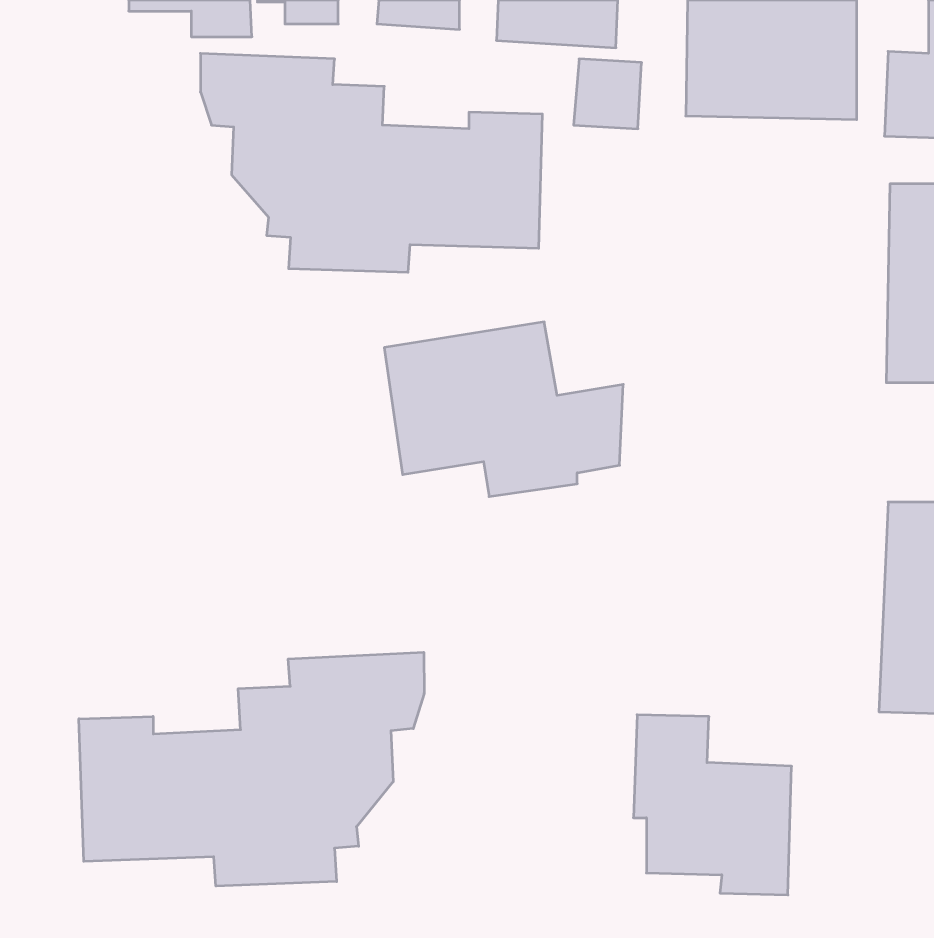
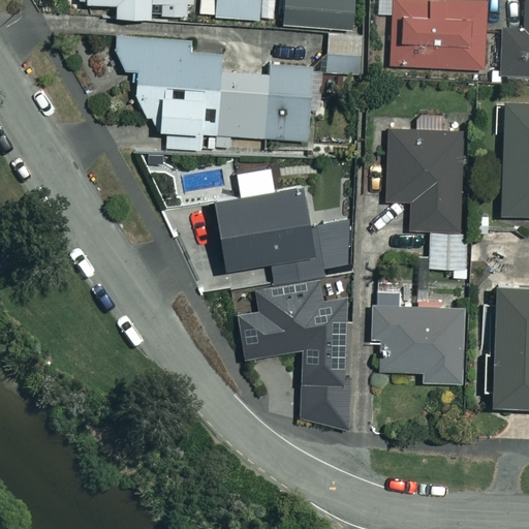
building: none -> [384,130,465,269]
building: none -> [242,276,355,429]
building: [79,652,424,886] -> none
building: [633,715,792,895] -> [372,281,461,382]

